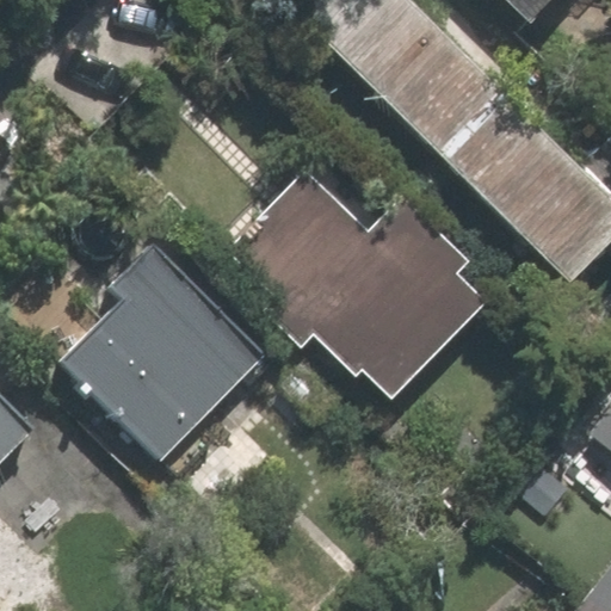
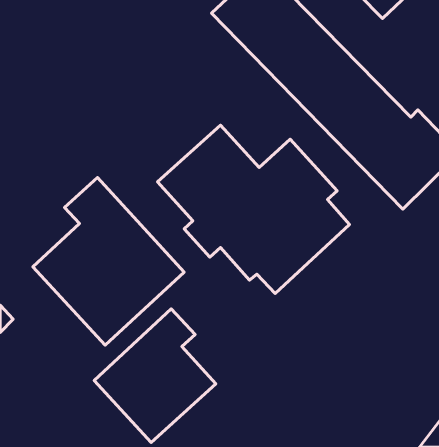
building: none -> [94,309,216,443]

